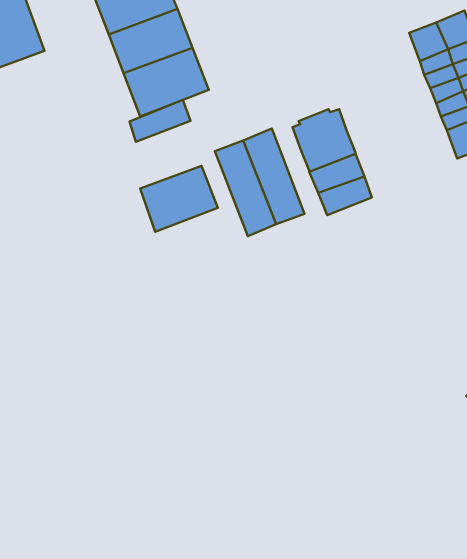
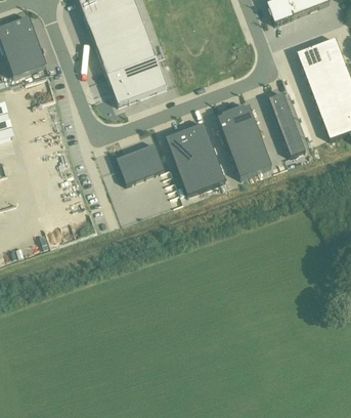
building: none -> [268,91,306,156]
building: [129,100,190,142] -> none

